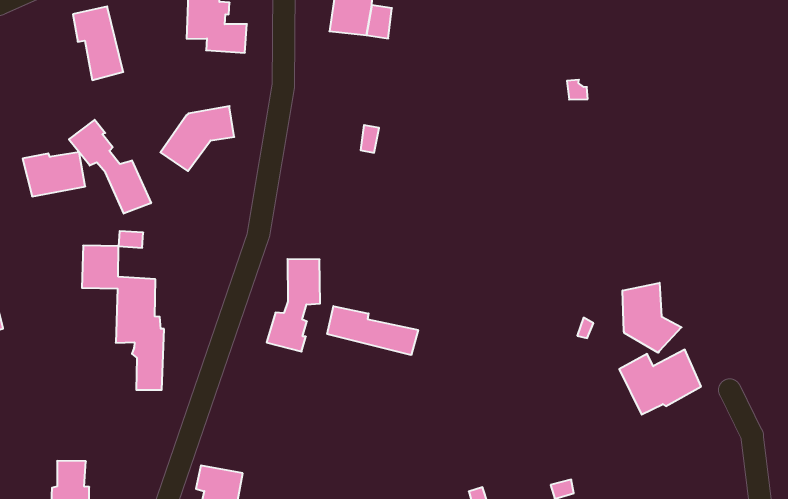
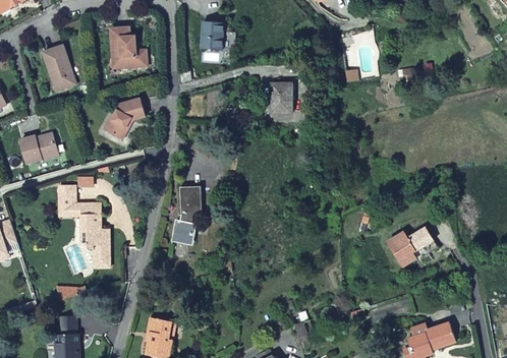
building: none -> [269,81,291,110]
building: [69,120,151,214] -> none
building: [623,283,682,353] -> none
building: [327,306,418,355] -> none

